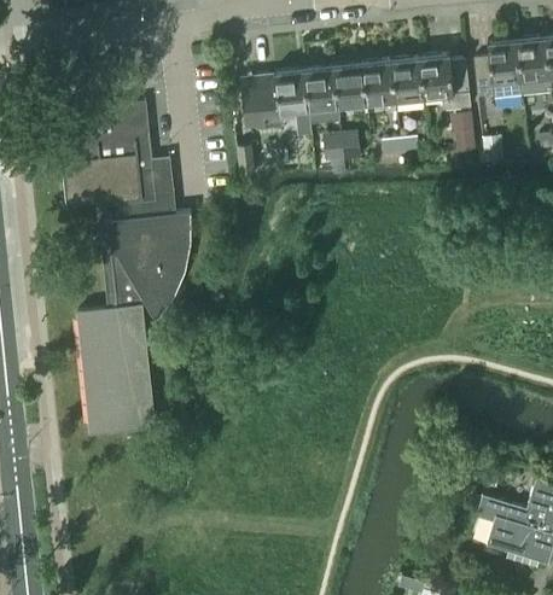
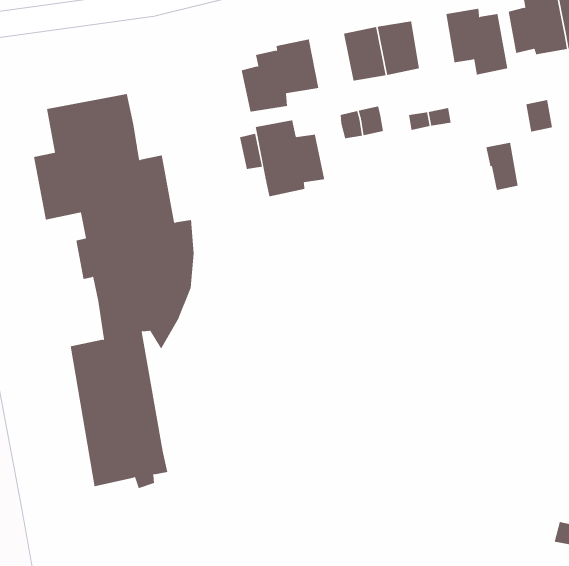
building: [392,57,425,101] -> none
building: [304,66,338,111] -> none
building: [450,113,476,153] -> [485,142,518,190]
building: none -> [255,120,325,197]

